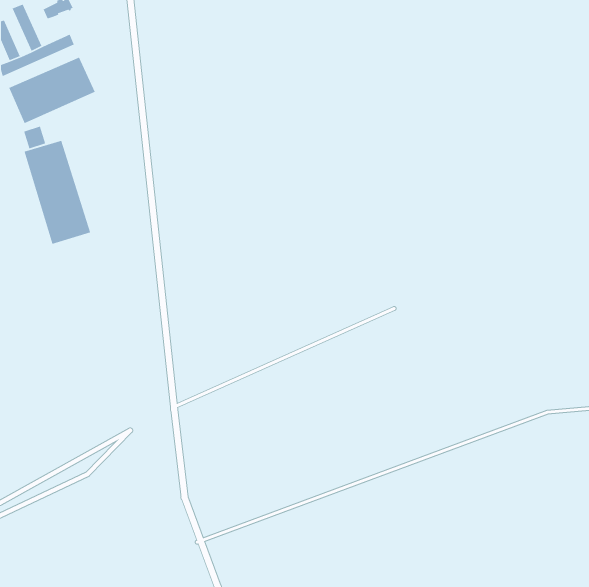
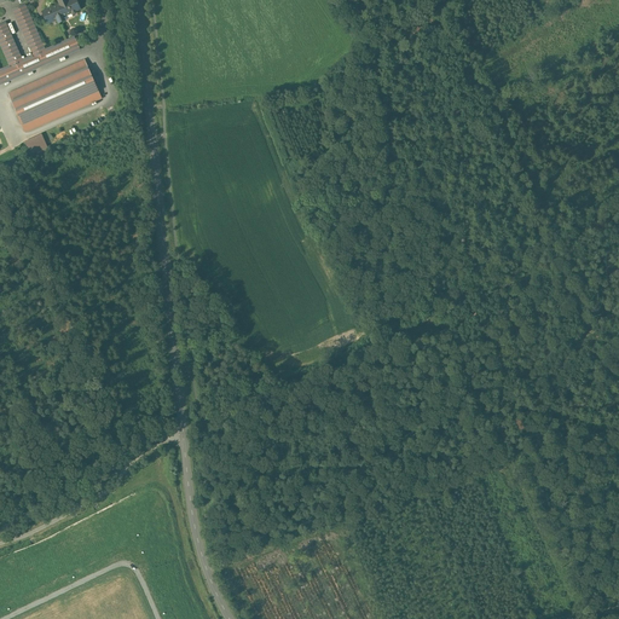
building: [24,140,91,245] -> none

